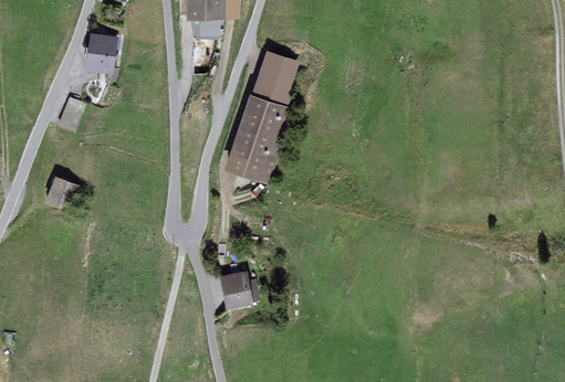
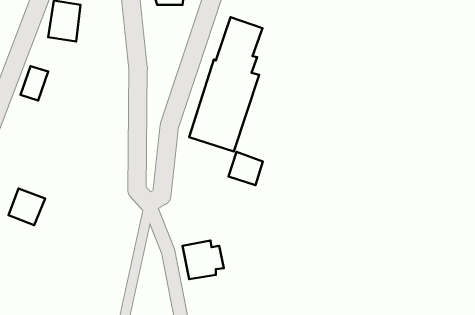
building: [44,174,81,211] -> [9,189,45,225]
building: none -> [229,152,263,185]

